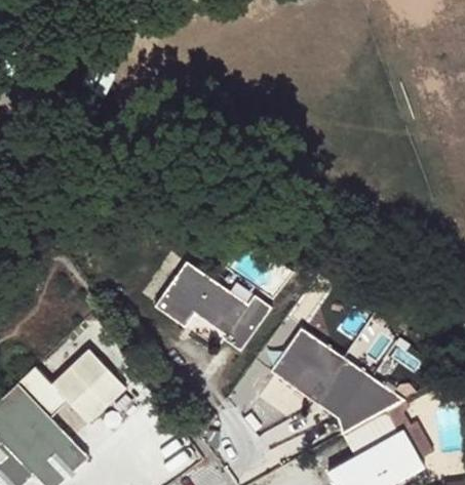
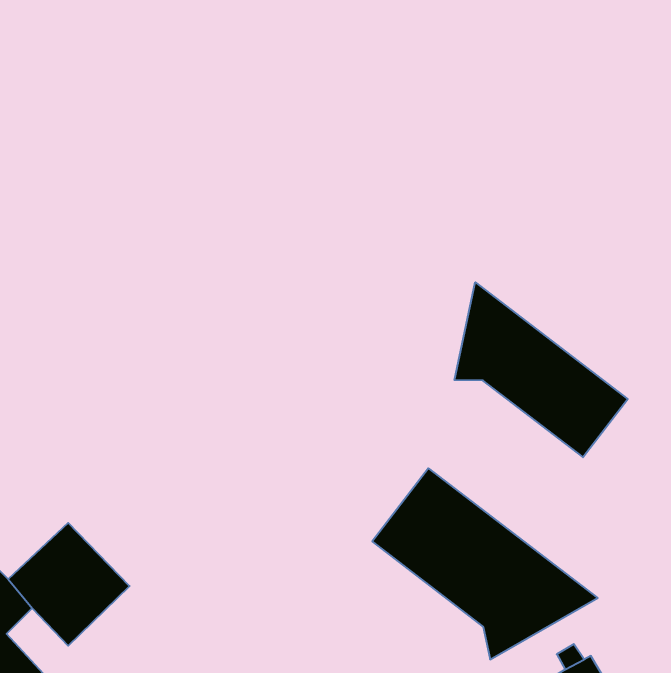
building: none -> [454,282,628,457]
building: [154,258,270,350] -> none

